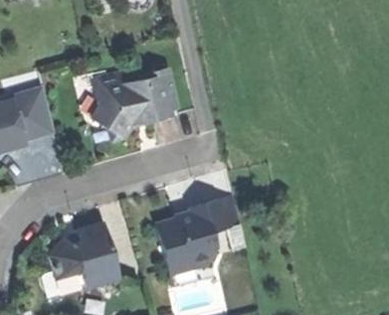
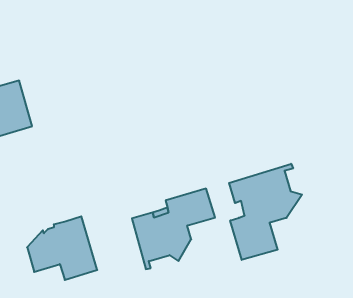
building: [92,70,180,143] -> none
building: none -> [229,164,302,260]

